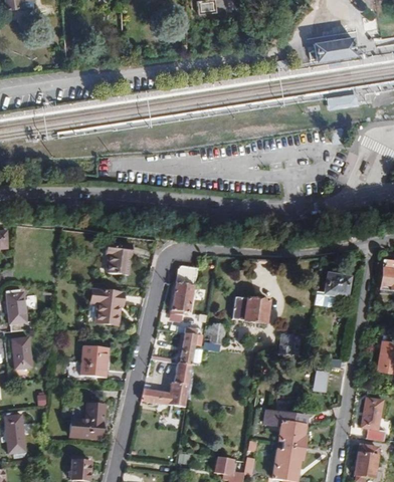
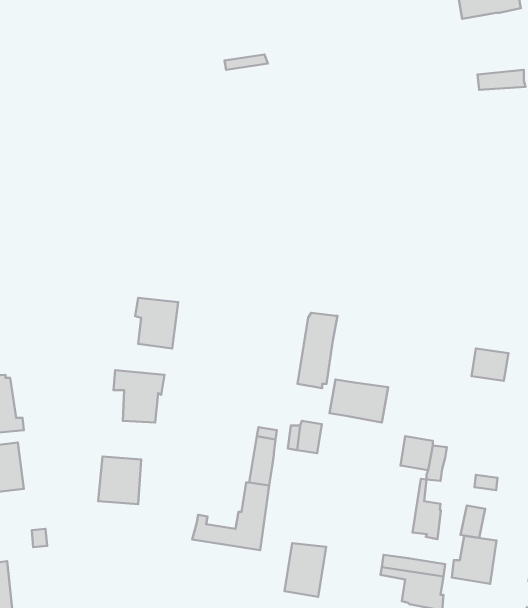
building: [171,266,197,315] -> [297,313,337,388]
building: none -> [413,479,441,539]
building: none -> [452,536,497,584]
building: none -> [285,543,326,597]
building: [70,404,104,438] -> none

